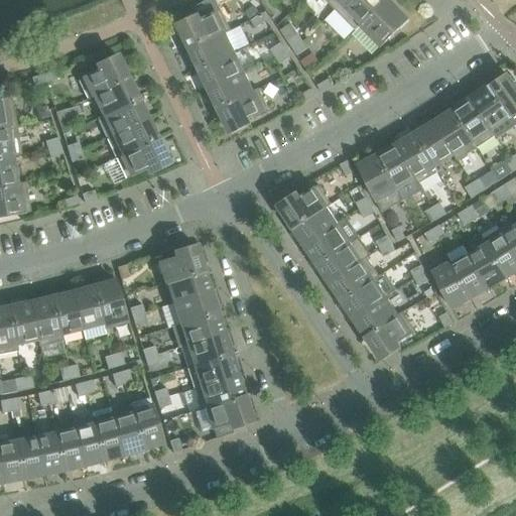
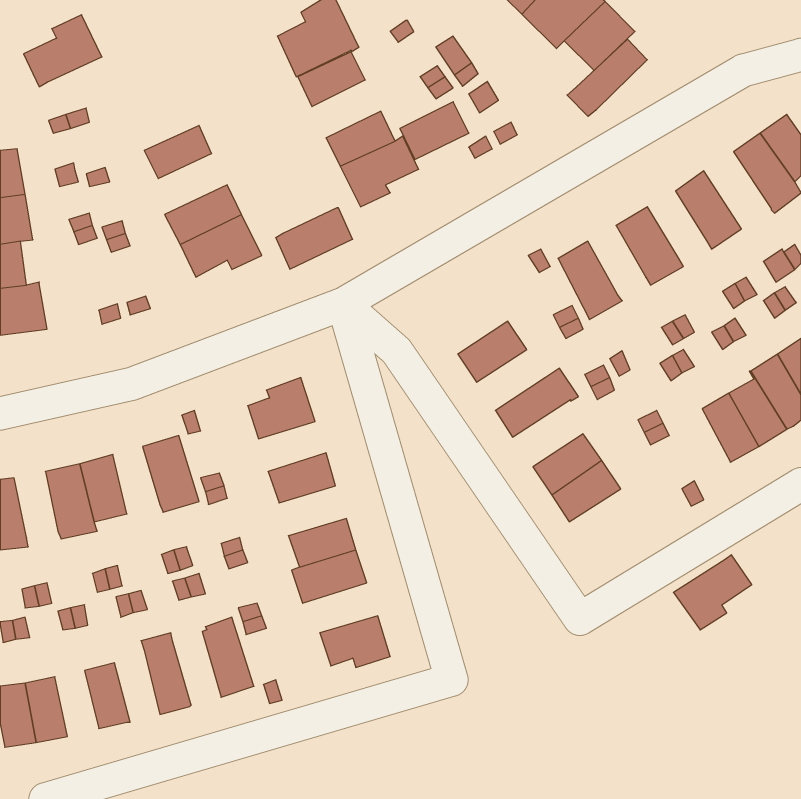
building: none -> [567,39,647,116]
building: [201,51,245,89] -> [400,102,469,160]
building: [78,53,128,100] -> [24,15,102,87]
building: [453,98,496,147] -> none
building: [97,99,146,138] -> [276,208,353,269]
building: [416,123,455,166] -> none
building: [378,145,415,189] -> none
building: [278,184,332,228] -> none
building: [306,225,351,264] -> none
building: [330,257,379,300] -> none
building: [433,263,470,307] -> none
building: [166,271,210,303] -> none
building: [73,287,106,340] -> none
building: [9,303,37,346] -> none
building: [366,311,416,360] -> [673,555,752,630]
building: [179,312,223,345] -> none
building: [195,375,243,409] -> none
building: [111,406,142,454] -> none
building: [74,418,103,465] -> none
building: [35,431,63,474] -> none

